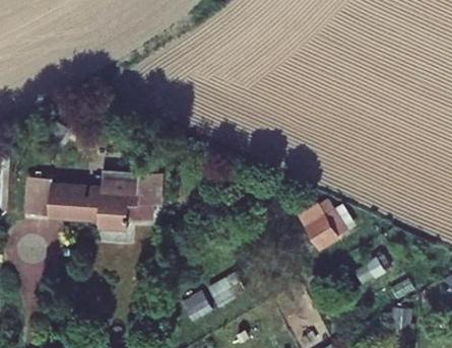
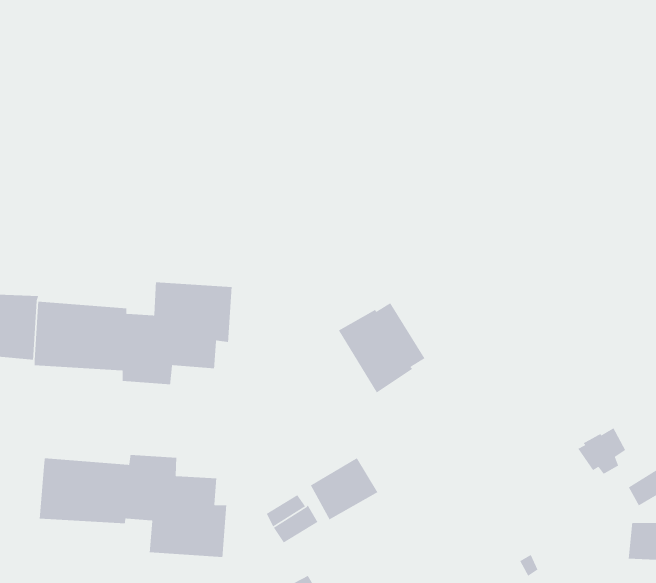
building: [296,199,346,252] -> [338,302,426,394]
building: none -> [39,454,227,558]

